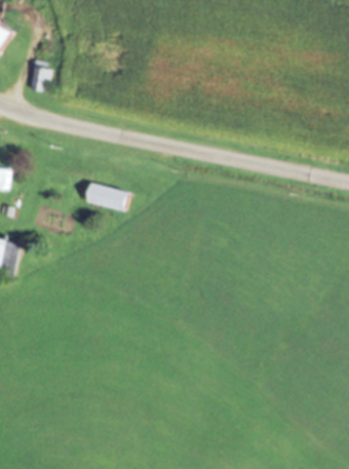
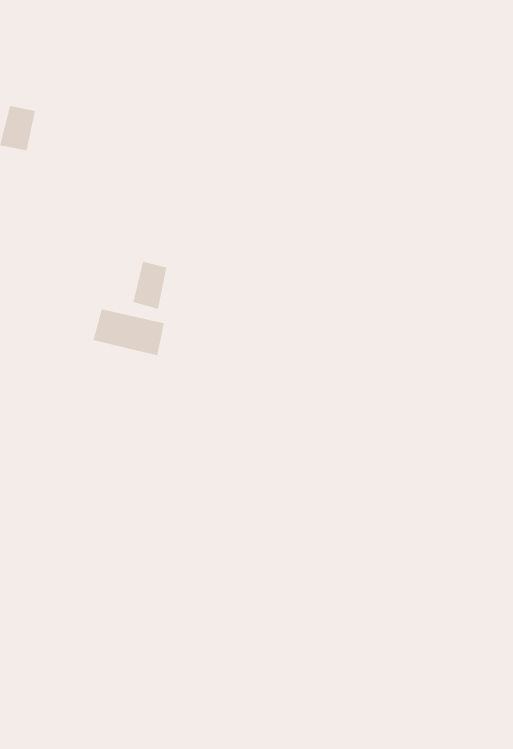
building: none -> [132,261,167,310]

